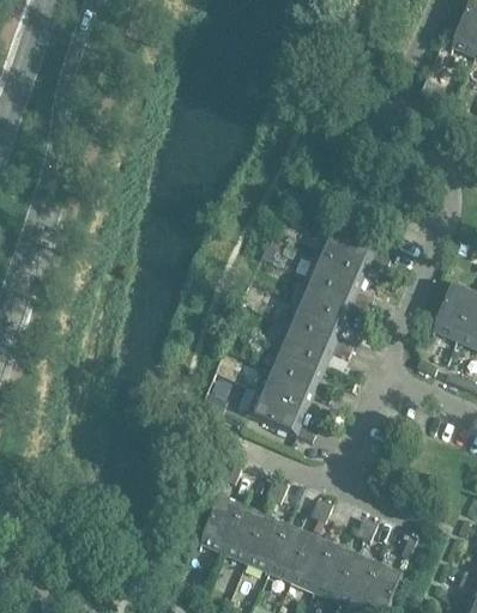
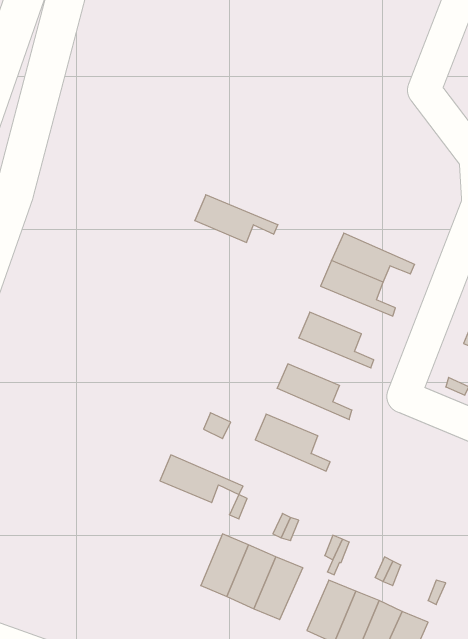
building: [297,279,370,321] -> [195,195,278,242]
building: [278,324,351,366] -> none
building: [259,369,332,411] -> [160,455,243,503]
building: [271,527,314,582] -> none

